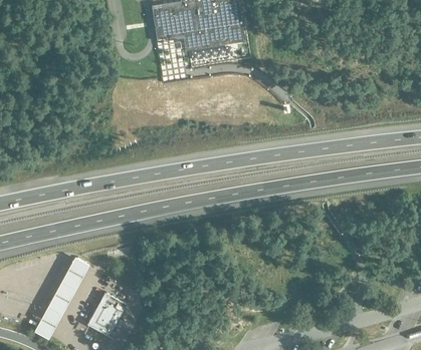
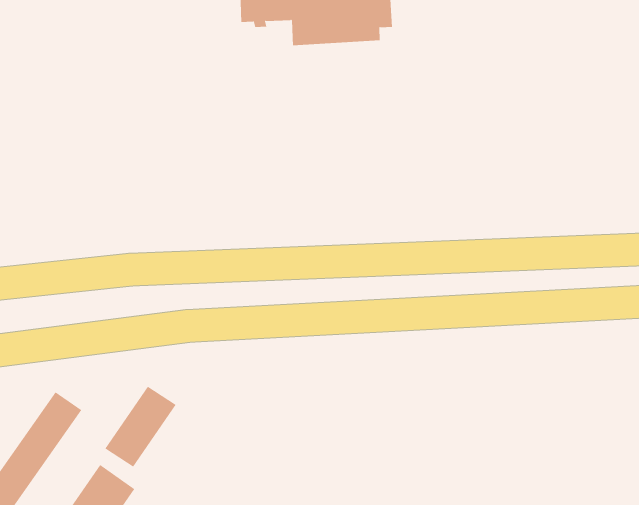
building: none -> [104,386,177,467]

